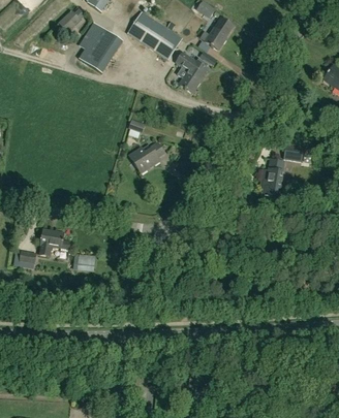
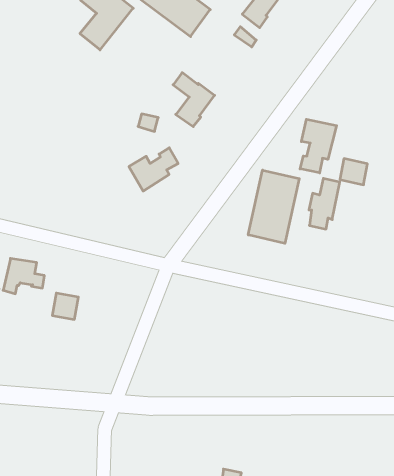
building: [176,53,207,92] -> [173,73,215,127]
building: none -> [300,119,337,173]
building: none -> [248,170,299,243]

